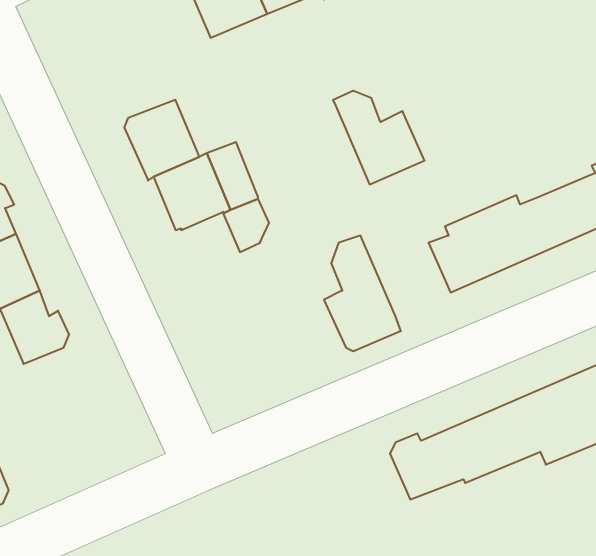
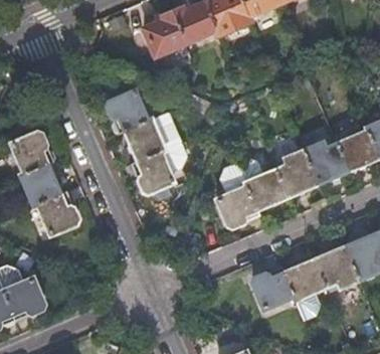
building: [333,91,425,184] -> [235,157,286,208]
building: none -> [132,151,174,194]

